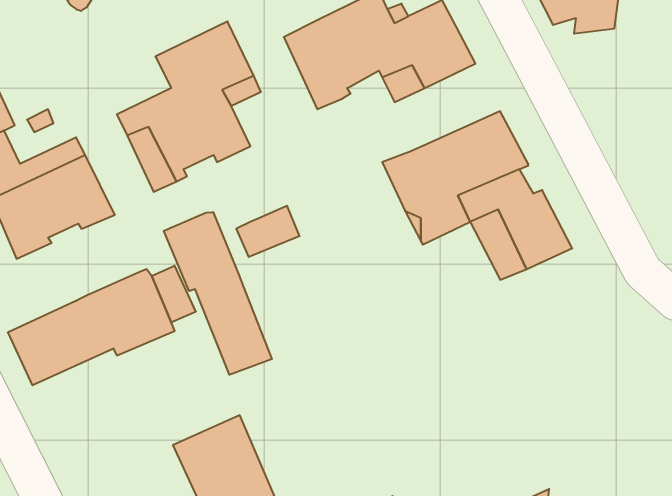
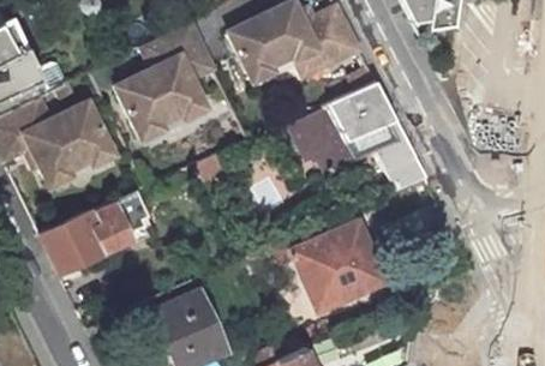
building: [164,212,272,375] -> none
building: none -> [292,221,385,311]

